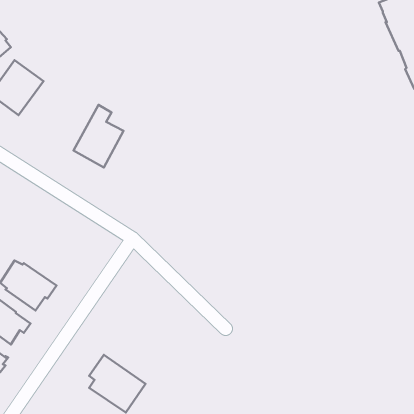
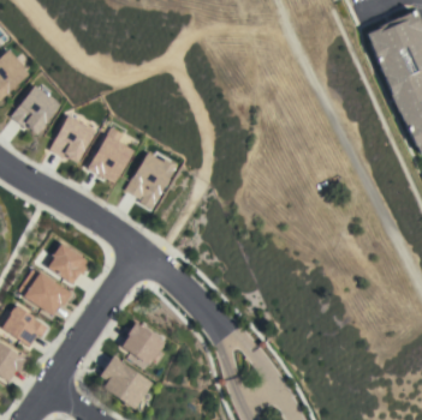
building: none -> [49,115,95,163]
building: none -> [124,150,176,208]
building: none -> [47,242,89,283]
building: none -> [123,322,166,364]

